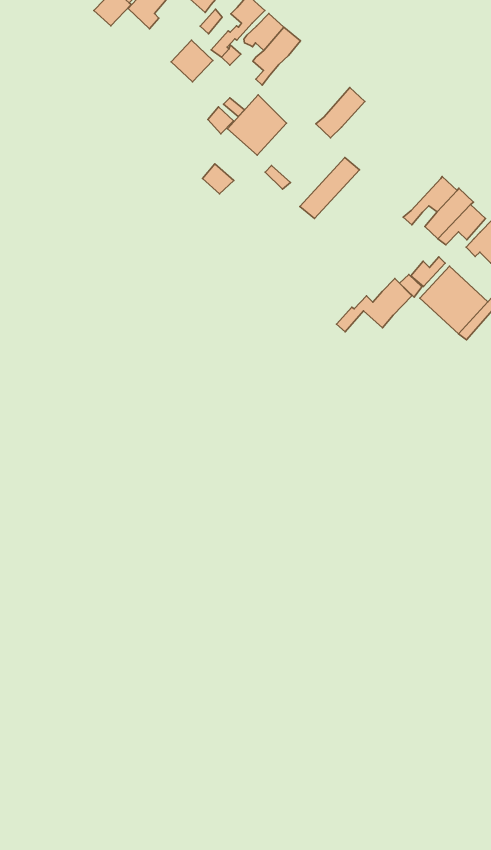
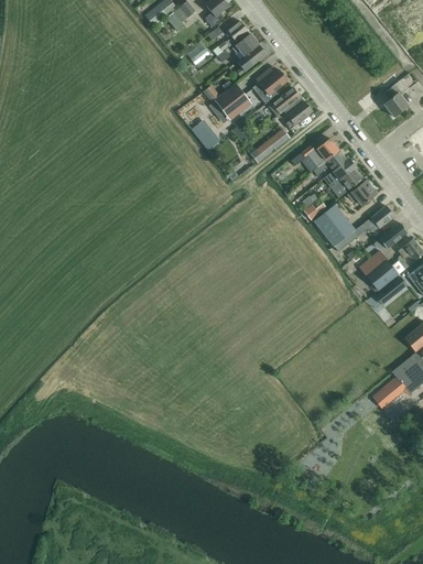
building: none -> [252,68,289,104]
building: none -> [284,97,313,129]
building: [337,279,412,332] -> [291,139,339,167]

